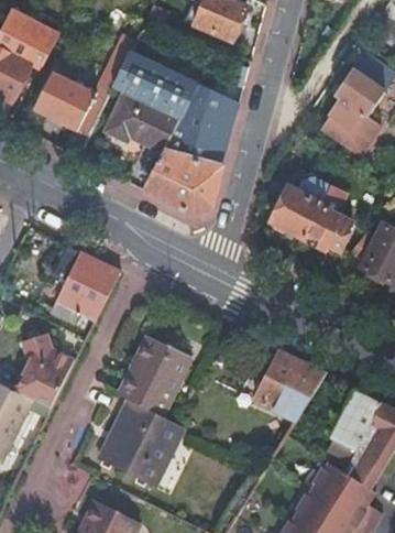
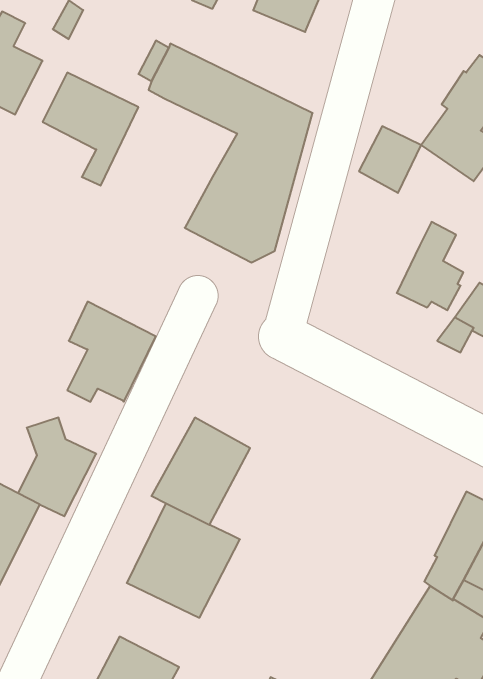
building: [103,91,182,157] -> none
building: [273,188,320,239] -> [359,126,421,193]
building: [257,352,326,422] -> none

